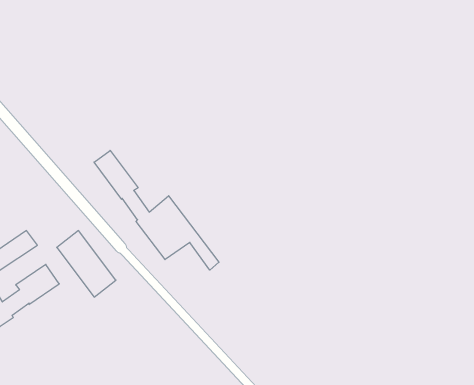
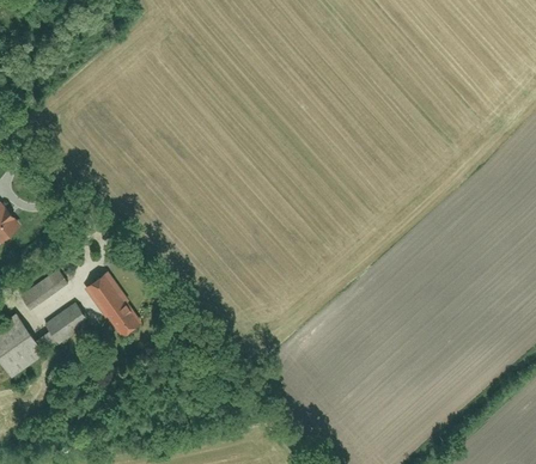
building: [94,150,219,270] -> none

